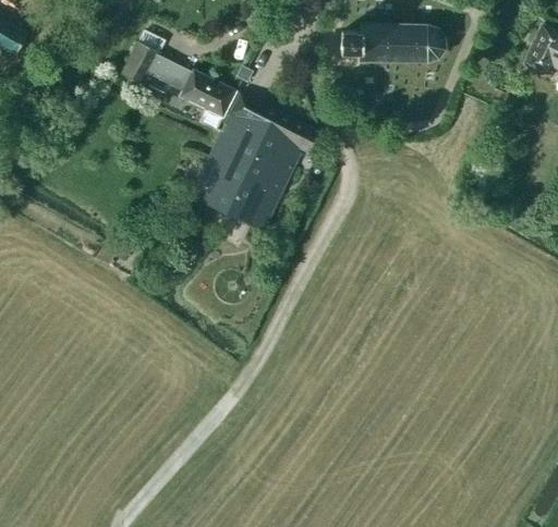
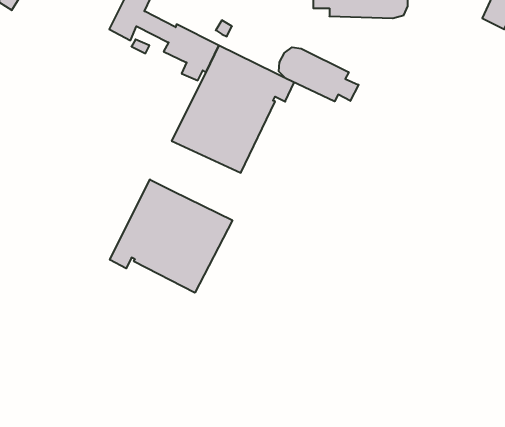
building: none -> [279,47,359,101]
building: none -> [110,179,232,293]

